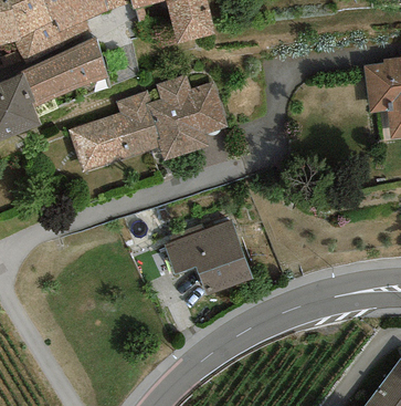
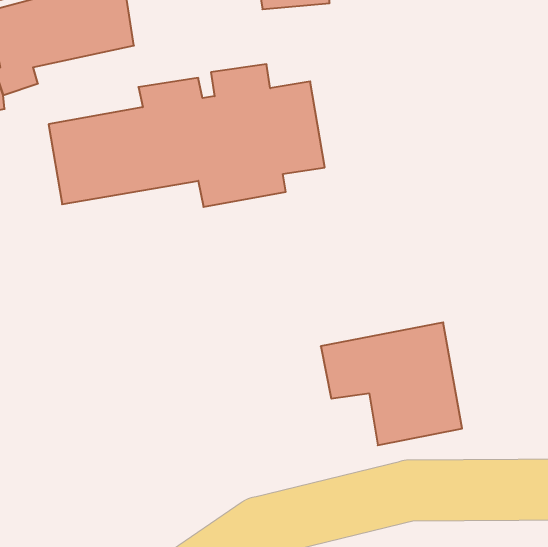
building: [162,219,251,295] -> [321,322,462,445]

